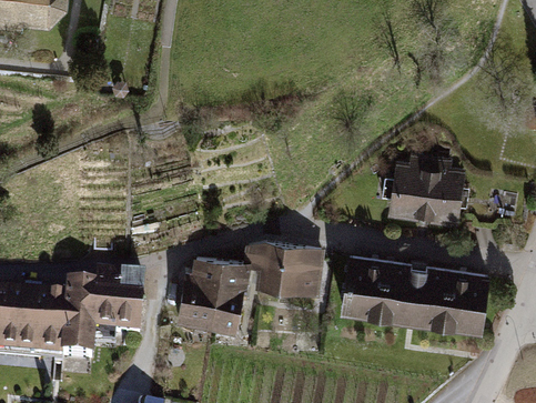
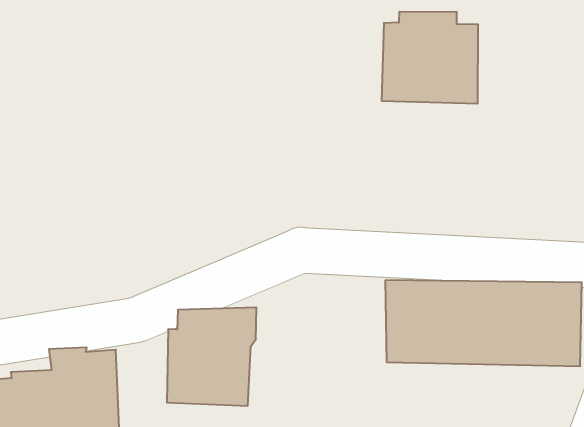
building: [386,152,464,226] -> [382,12,478,104]
building: [243,241,322,294] -> none

